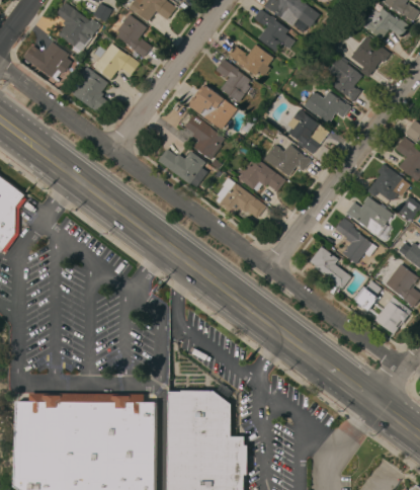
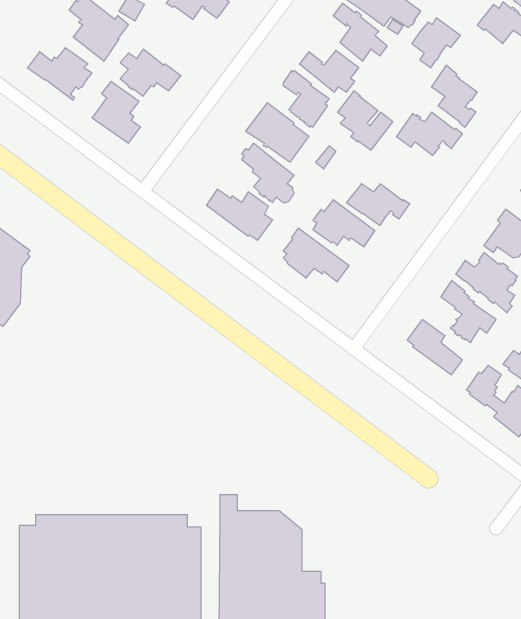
building: [117,15,152,58] -> none
building: [354,40,391,78] -> [412,18,460,68]
building: [287,109,329,154] -> [338,91,393,150]

